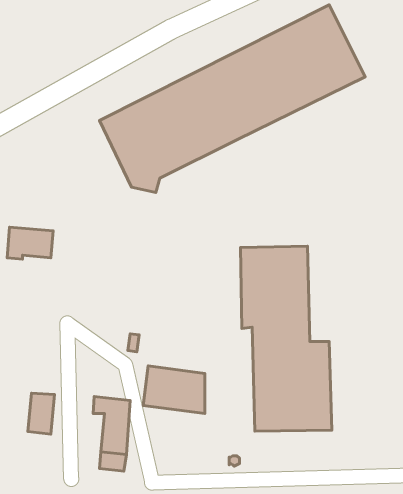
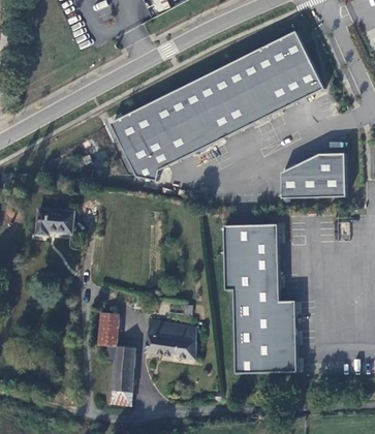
building: none -> [280,153,344,196]
building: [28,393,55,434] -> [96,313,118,346]

